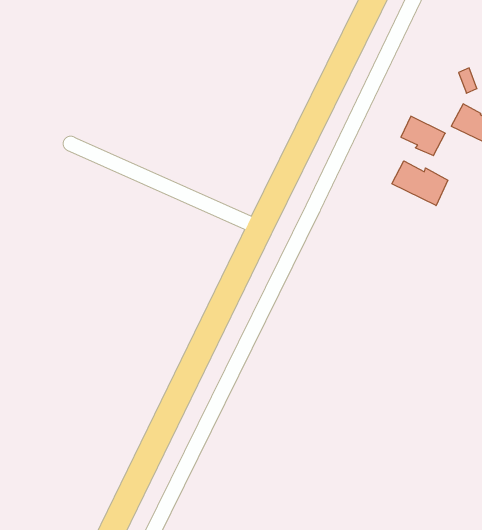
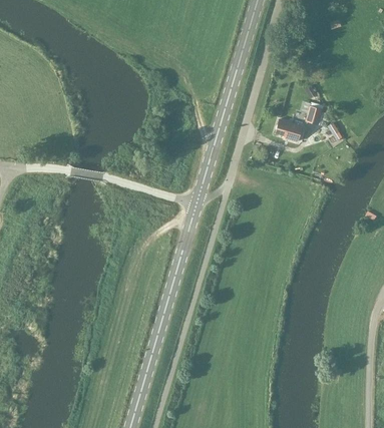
building: [392,161,448,206] -> none

